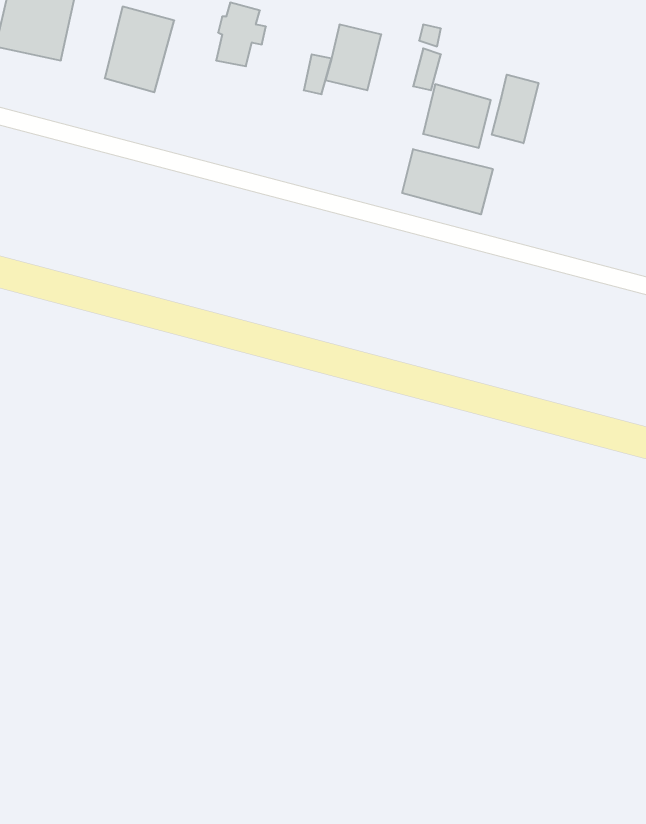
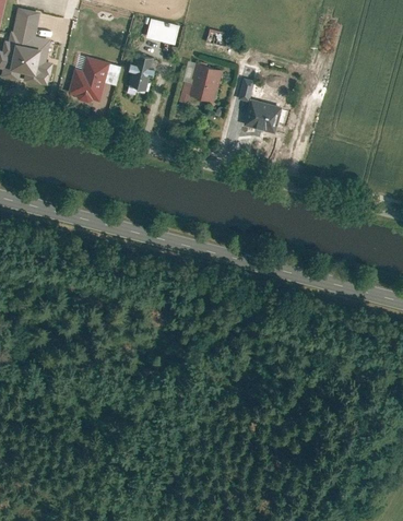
building: [492,75,538,143] -> none
building: [402,149,493,214] -> none

